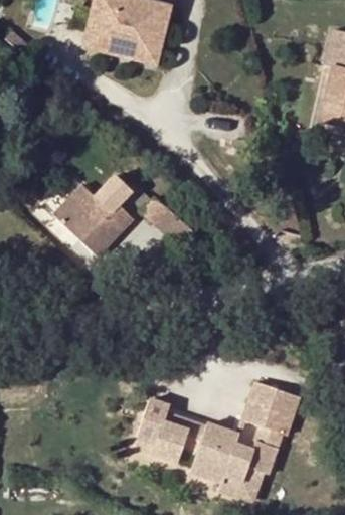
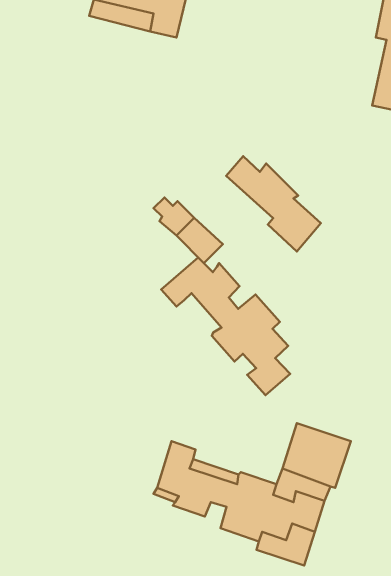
building: none -> [226,156,321,252]
building: [53,177,133,256] -> none
building: none -> [161,257,290,395]

